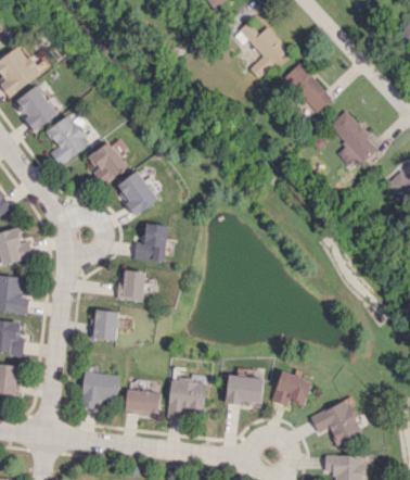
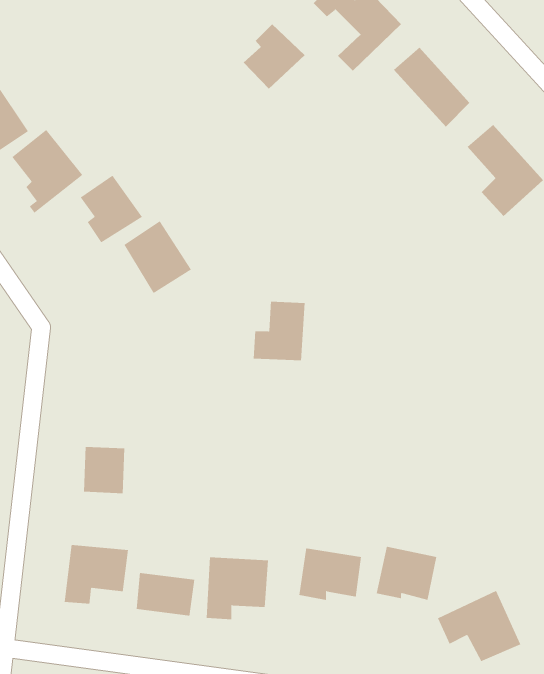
building: none -> [243,24,305,90]
building: [134,224,167,261] -> [253,301,305,361]
building: [121,270,144,298] -> none

